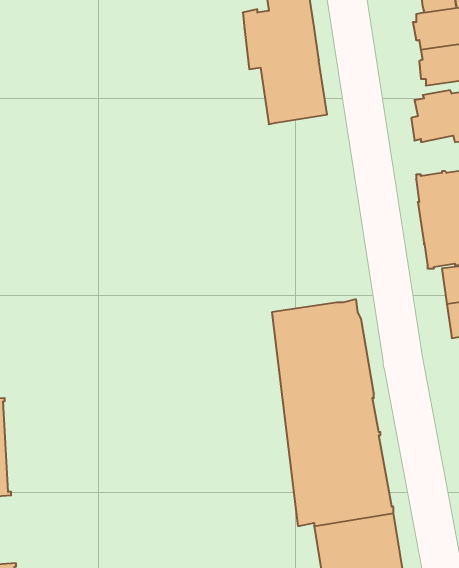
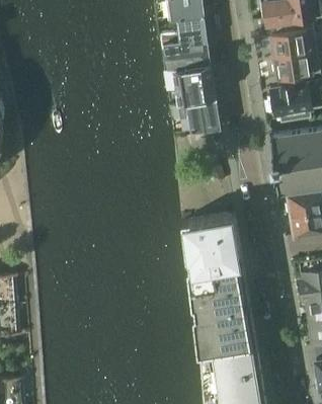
building: none -> [174,101,220,135]

